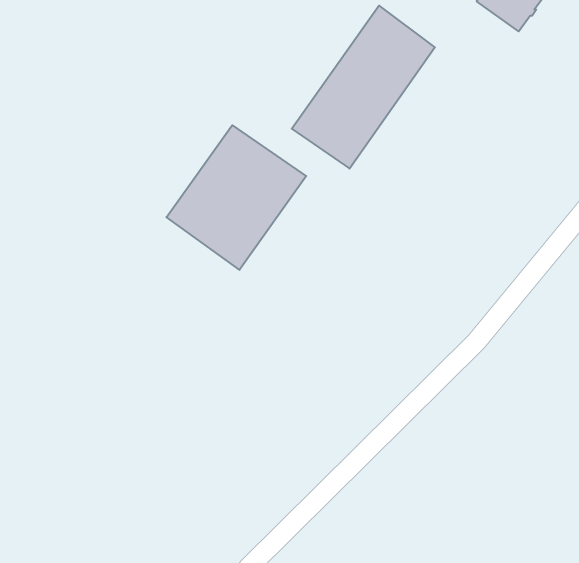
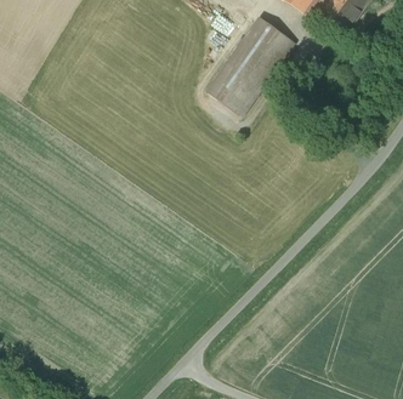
building: [166,125,306,270] -> none

